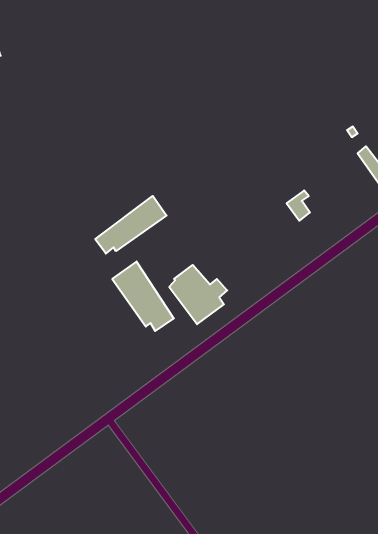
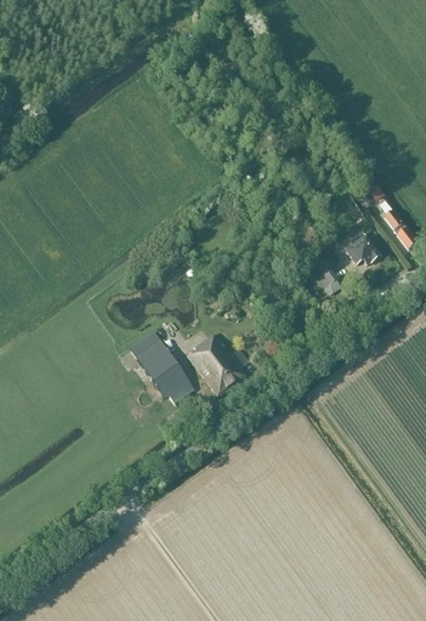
building: none -> [342,232,379,263]
building: [95,196,167,254] -> none

